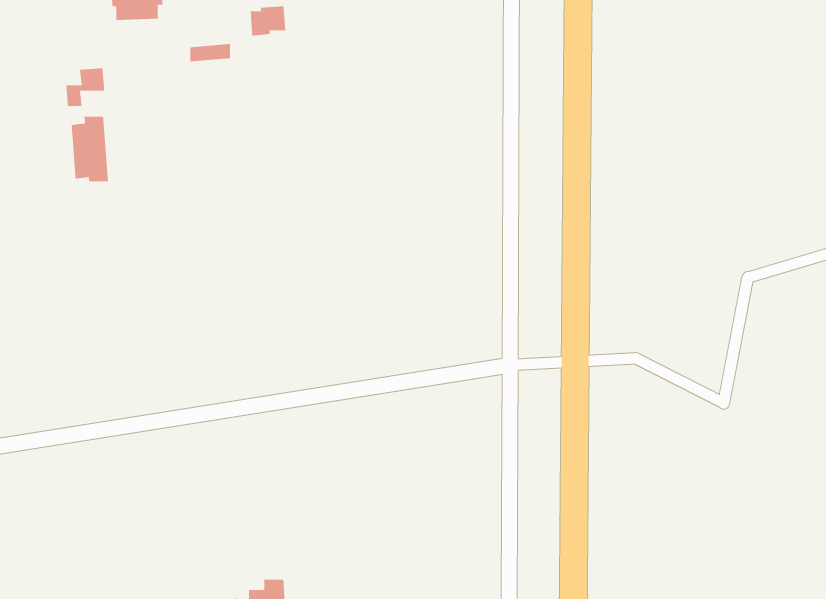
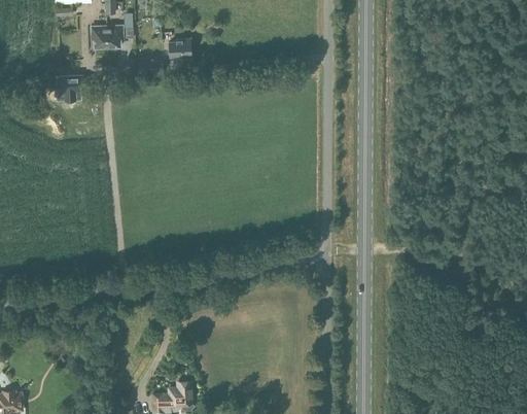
building: [71,116,109,182] -> none

